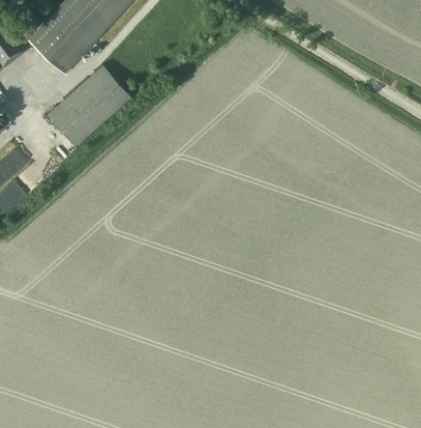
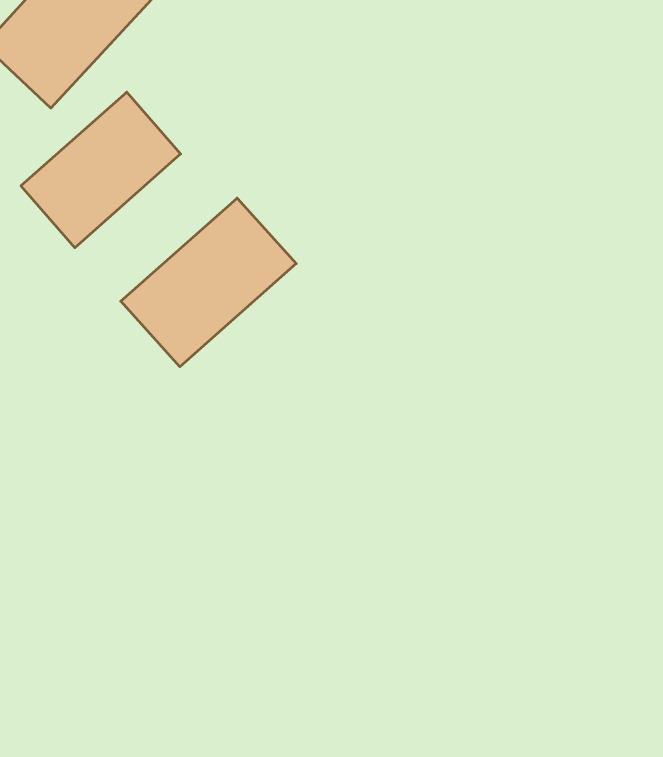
building: none -> [121,198,296,367]

